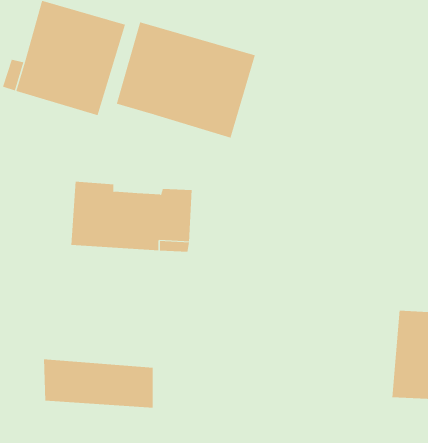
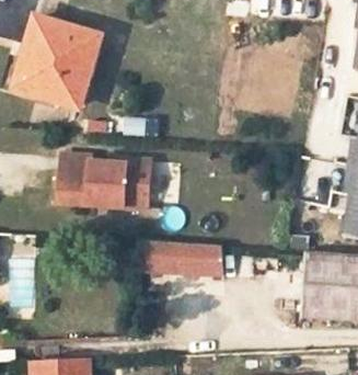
building: [116,22,255,138] -> none
building: [43,359,153,408] -> [138,238,221,275]

